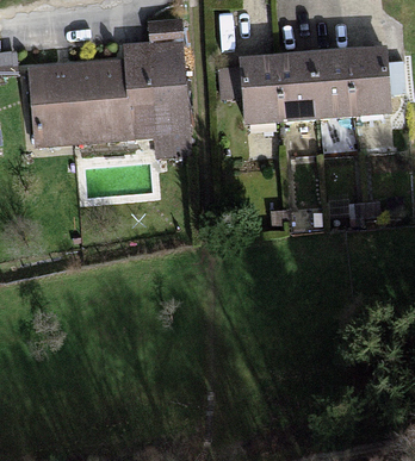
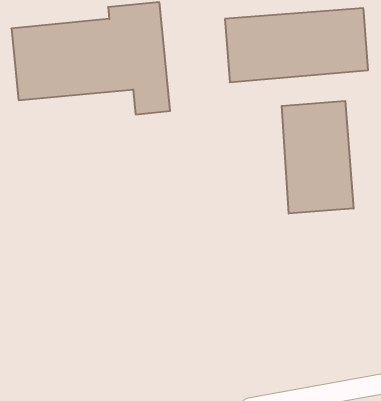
building: none -> [282,101,354,214]

